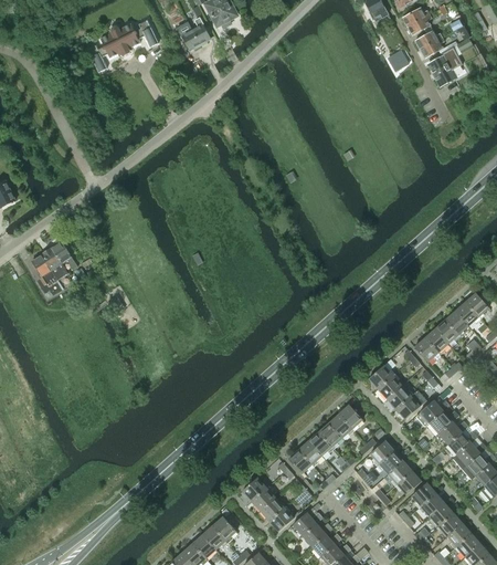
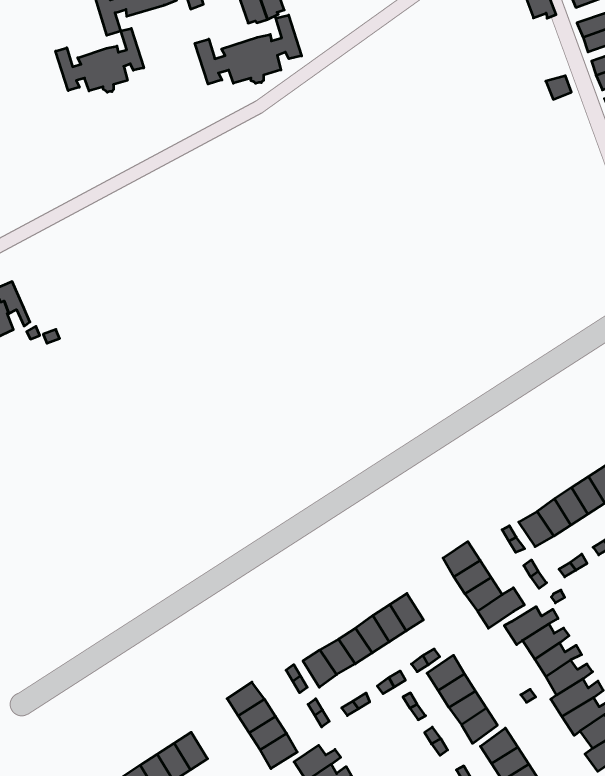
building: none -> [195,15,302,84]
building: none -> [56,28,144,92]

